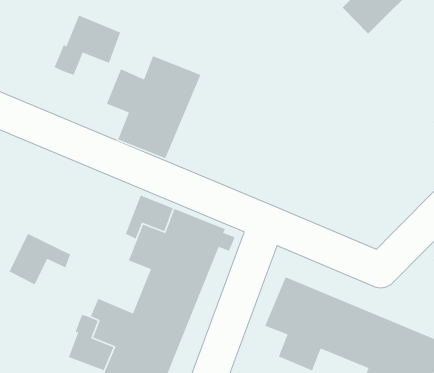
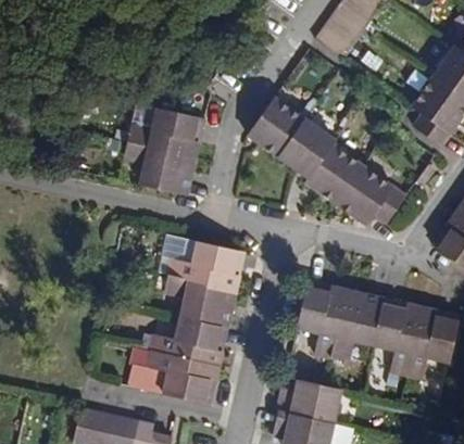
building: [54,15,121,76] -> none
building: none -> [248,97,404,226]
building: [8,233,71,286] -> none

